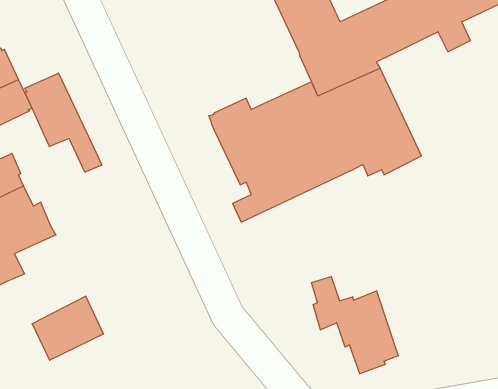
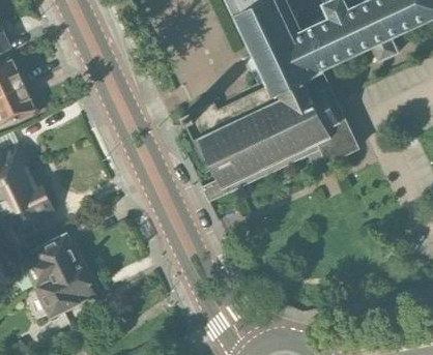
building: [25,73,102,172] -> none
building: none -> [22,235,81,287]
building: [311,276,398,374] -> none

